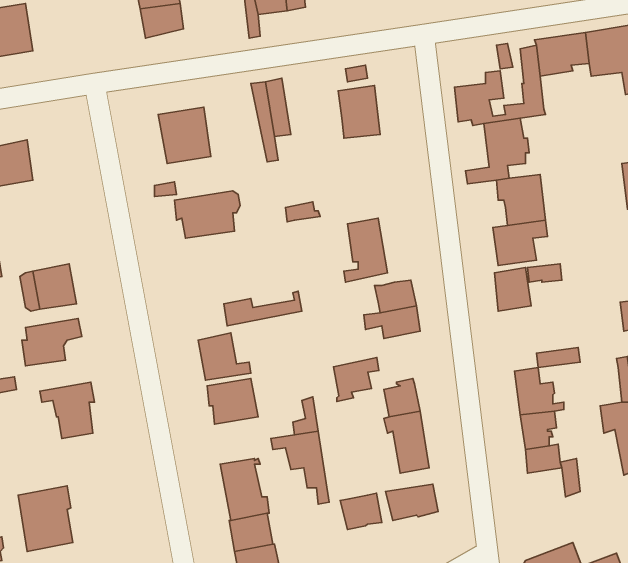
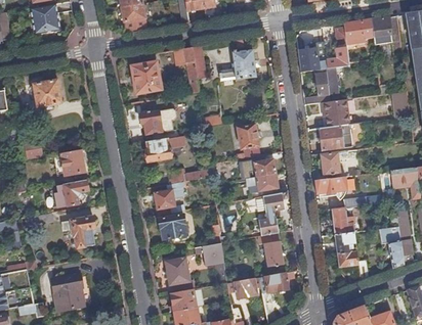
building: none -> [145,135,186,161]
building: none -> [314,177,348,197]
building: [333,358,379,401] -> [263,191,289,216]

